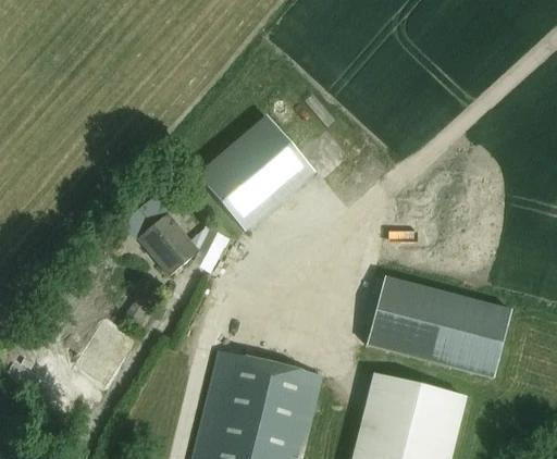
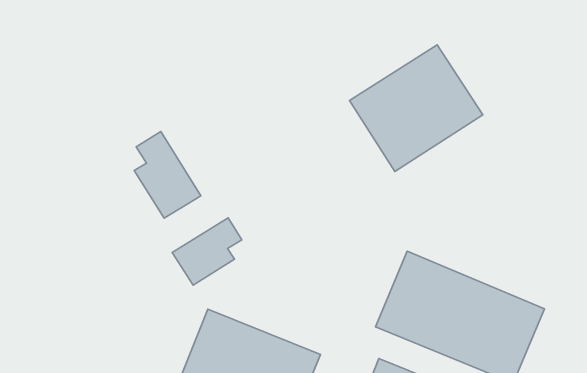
building: [197,115,314,231] -> [350,45,483,172]
building: none -> [172,218,242,285]

